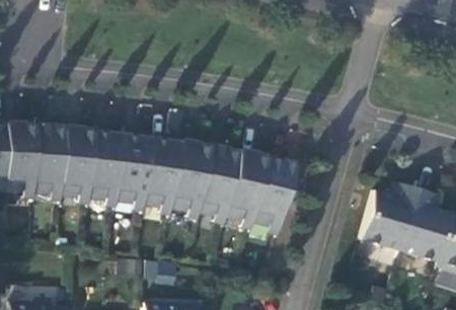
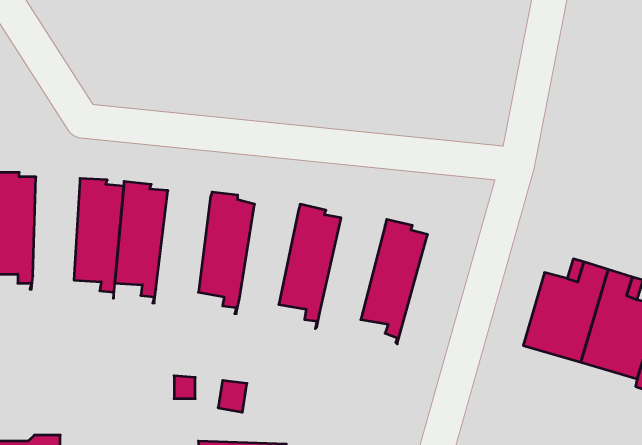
building: [36,125,68,205] -> none
building: [119,134,155,214] -> none
building: [174,141,214,223] -> none
building: [228,150,272,233] -> none

